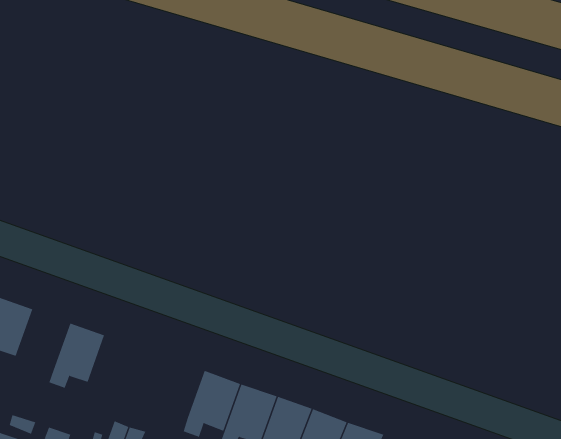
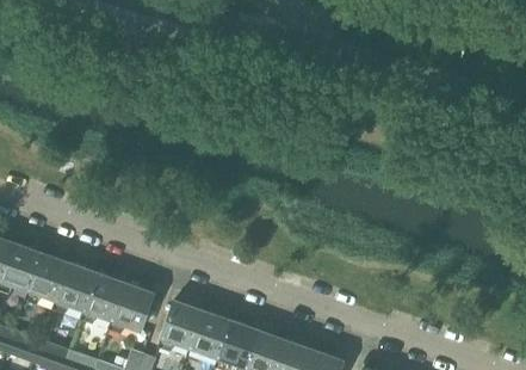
building: none -> [51,263,97,315]
building: none -> [107,283,153,334]
building: none -> [157,301,202,352]

